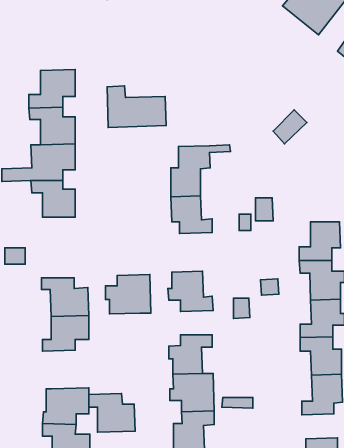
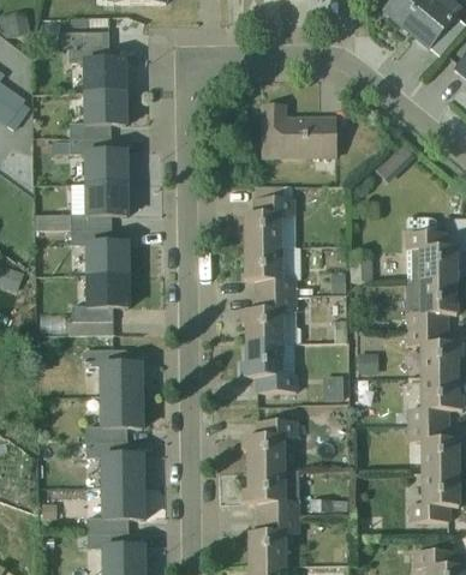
building: none -> [62,31,127,92]
building: [107,86,166,127] -> [263,104,336,156]
building: none -> [407,232,456,281]
building: none -> [72,275,129,322]
building: [105,274,151,314] -> [243,294,299,343]
building: [89,394,135,432] -> [86,441,144,489]

